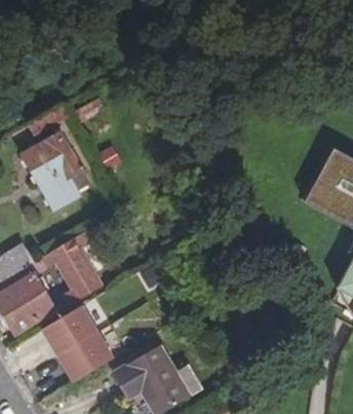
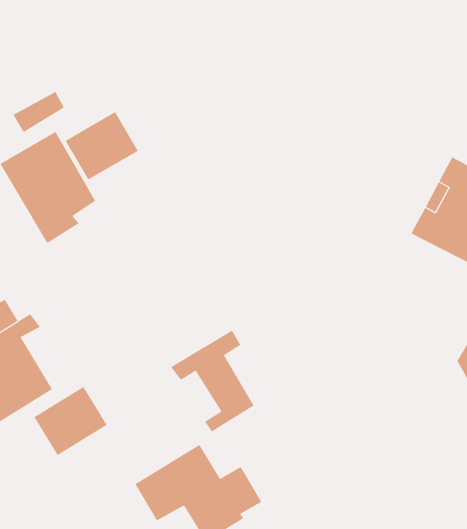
building: none -> [65,111,138,180]
building: [42,231,101,302] -> [170,330,255,432]
building: [61,334,111,382] -> none

